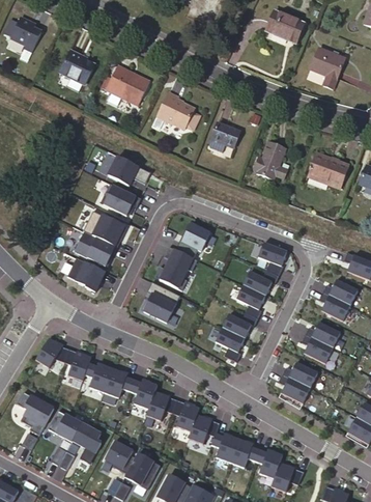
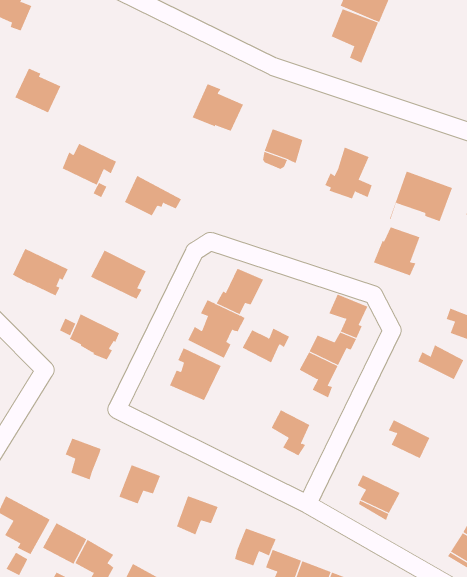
building: [60,49,94,82] -> [14,68,61,113]
building: [310,49,345,89] -> [331,8,379,63]
building: [107,64,150,103] -> none
building: [101,185,141,216] -> [62,143,117,185]
building: none -> [373,226,420,276]
building: [76,231,117,267] -> [12,248,68,296]
building: [319,292,350,322] -> none
building: [223,313,258,339] -> [242,328,290,363]
building: [306,323,340,348] -> none
building: [35,337,69,367] -> none
building: [85,360,113,392] -> none
building: [283,364,317,389] -> none
building: [130,376,158,408] -> none
building: [172,399,199,430] -> none

